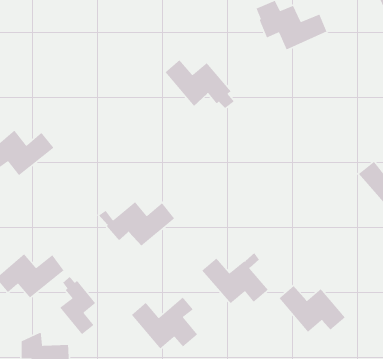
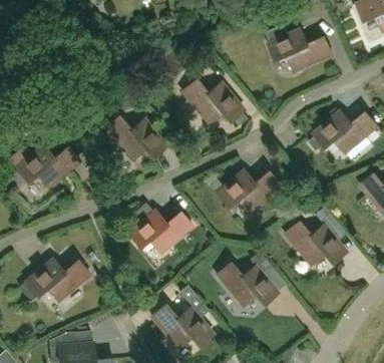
building: none -> [309,110,378,153]
building: none -> [104,116,166,159]
building: none -> [209,169,280,213]
building: [59,276,96,335] -> none
building: [278,285,346,333] -> [284,222,346,266]

